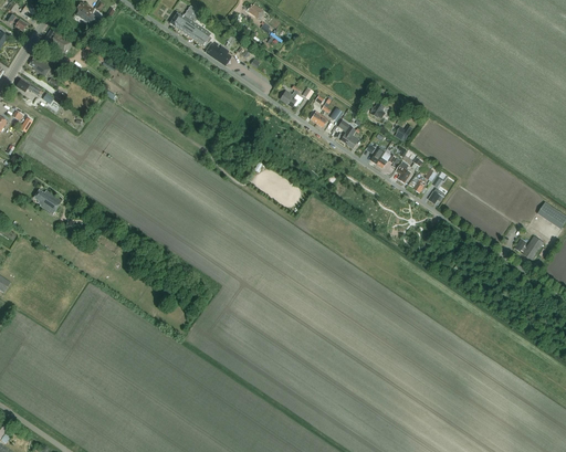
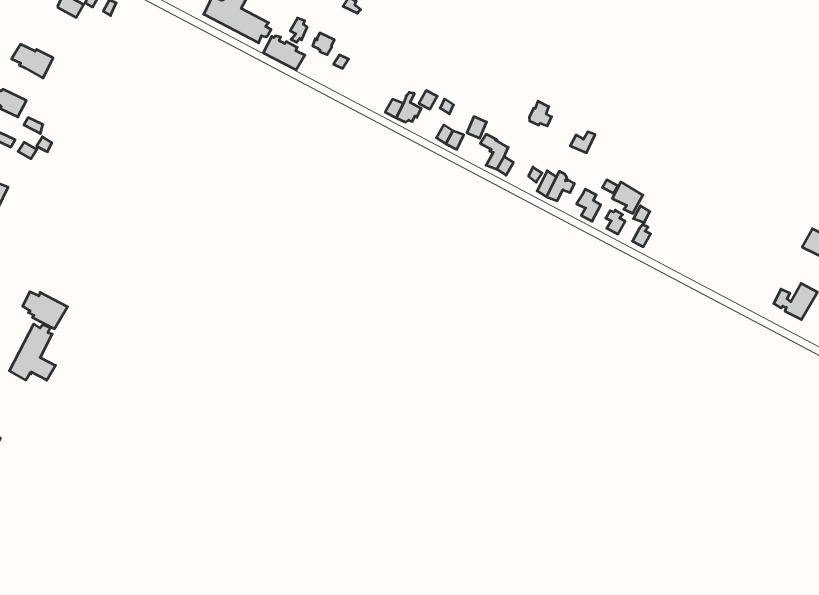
building: none -> [9,324,56,380]

